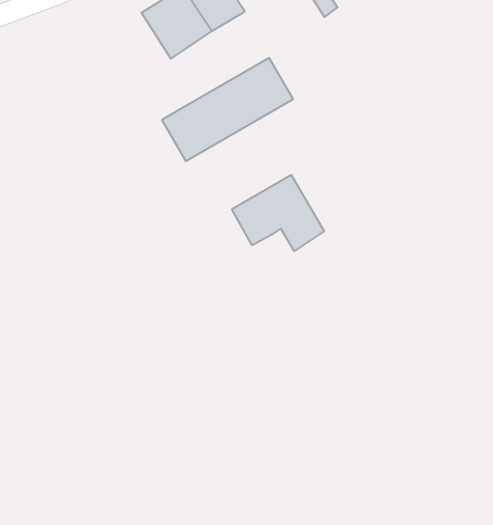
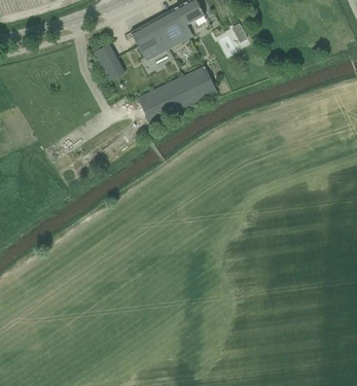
building: none -> [95,44,124,80]
building: [232,175,324,251] -> none

